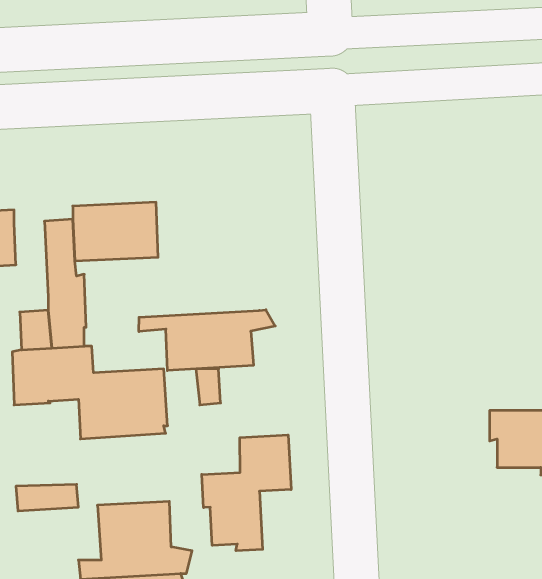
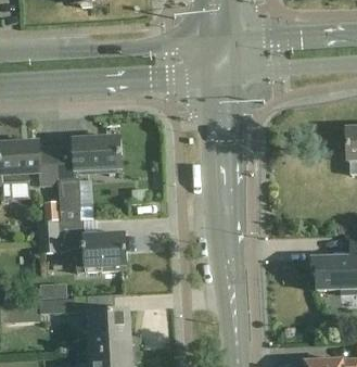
building: none -> [40,148,60,191]
building: [139,310,275,371] -> none
building: [202,435,291,551] -> none

